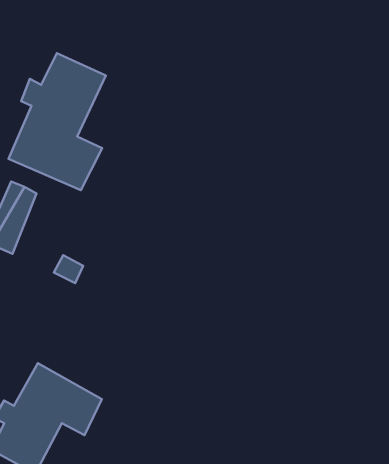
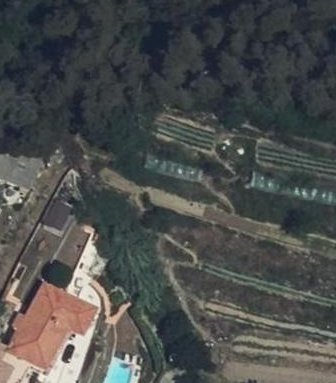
building: [8,53,106,190] -> none

